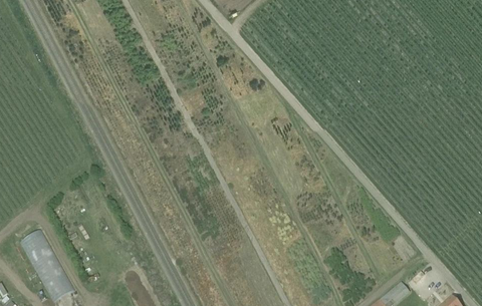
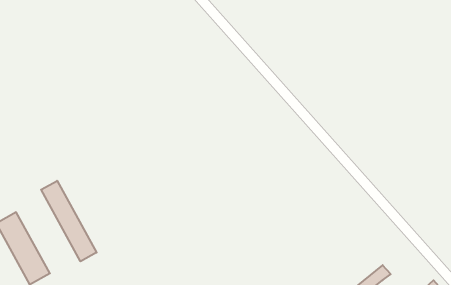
building: none -> [41,181,97,261]

